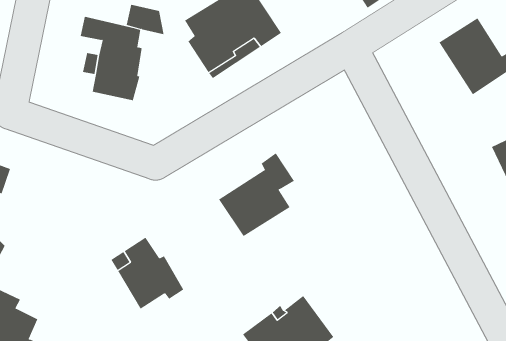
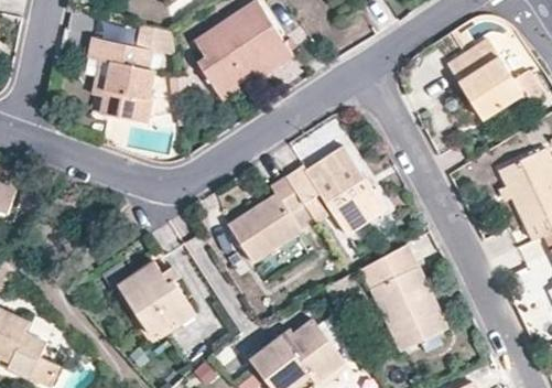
building: none -> [285,144,385,234]
building: none -> [362,241,447,349]

